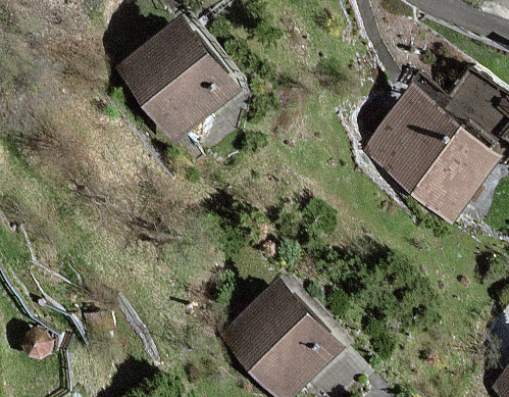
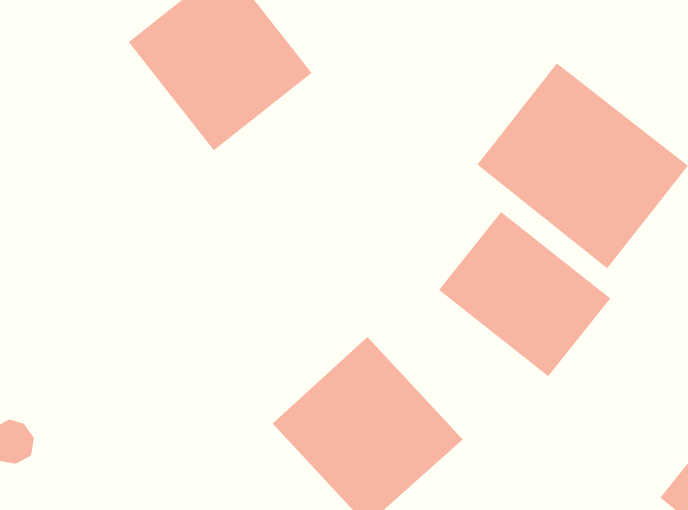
building: none -> [438,211,611,377]

